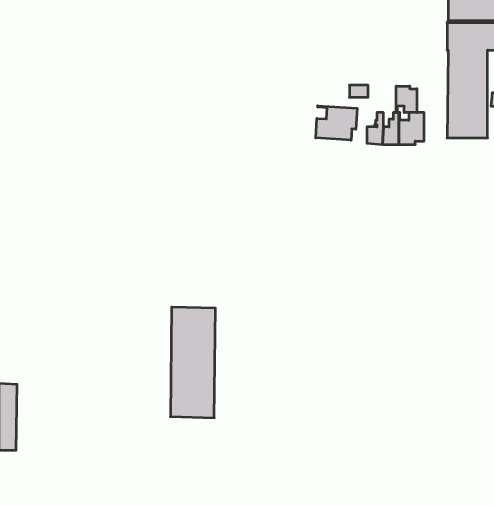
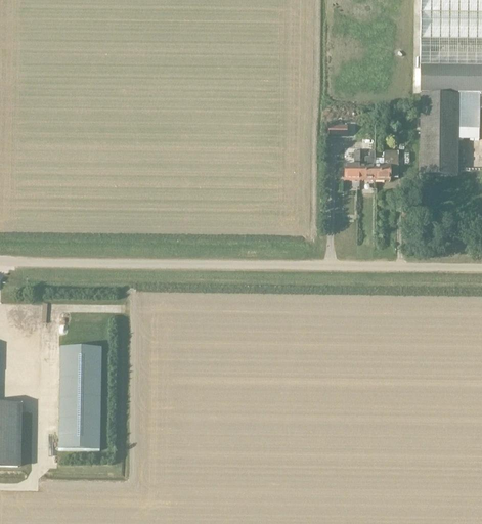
building: [396,86,417,113] -> none
building: [316,106,357,140] -> none
building: [170,307,215,418] -> [59,346,101,449]

